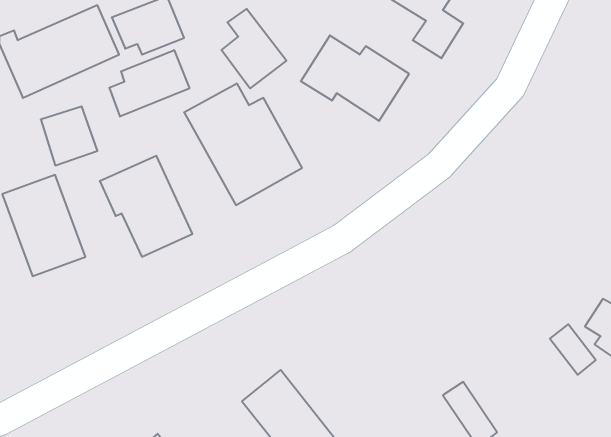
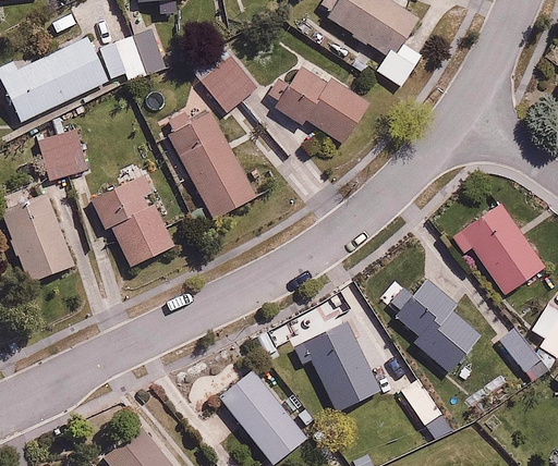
building: [109,50,189,117] -> none
building: none -> [451,201,542,292]
building: none -> [390,280,482,372]
building: none -> [293,320,380,412]

